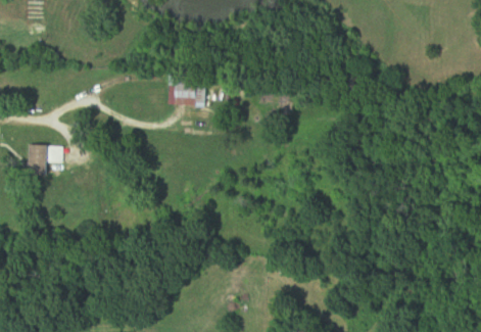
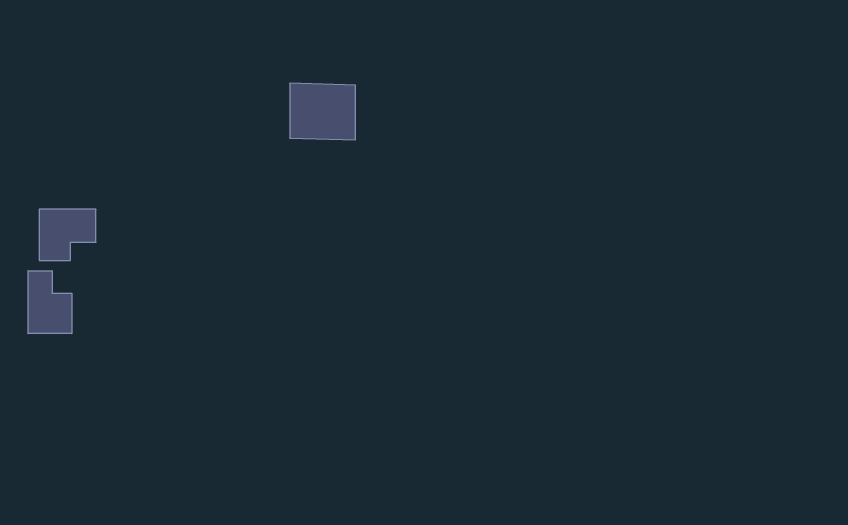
building: none -> [28,271,72,334]

